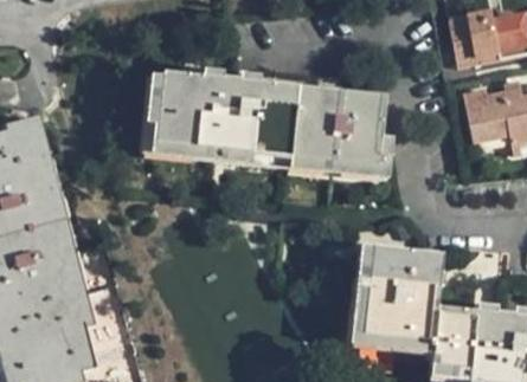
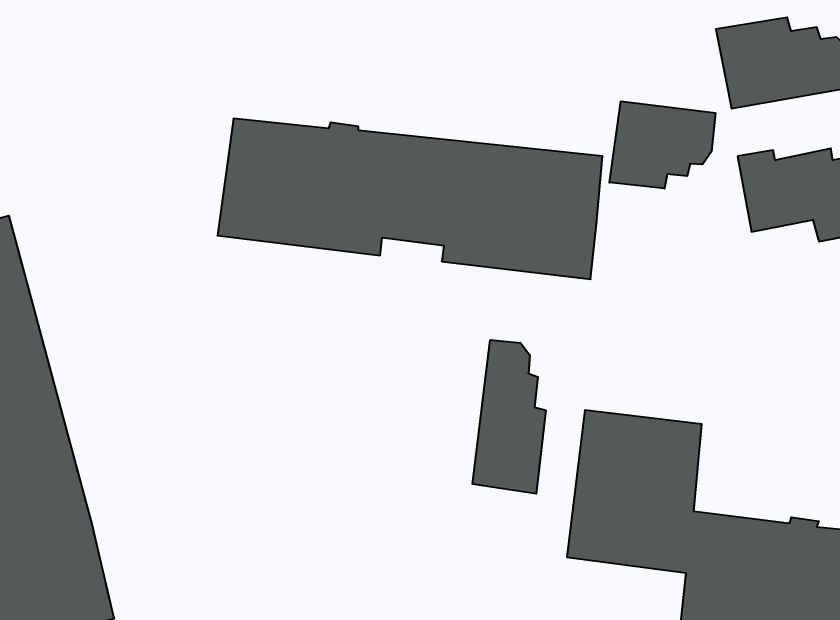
building: none -> [609,101,715,189]
building: none -> [473,340,546,494]

